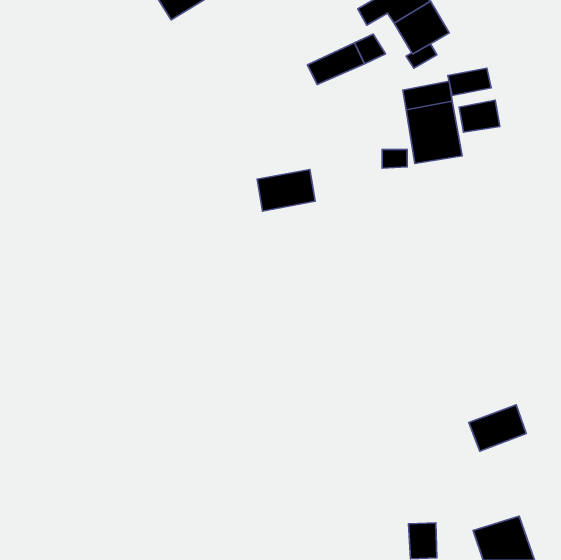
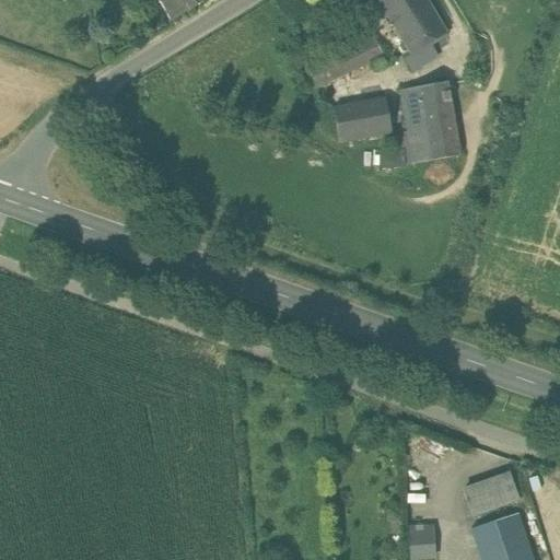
building: [448,68,491,95] -> none
building: [459,100,500,132] -> none
building: [257,169,315,211] -> [334,98,392,140]
building: [469,405,526,451] -> [463,470,520,516]

